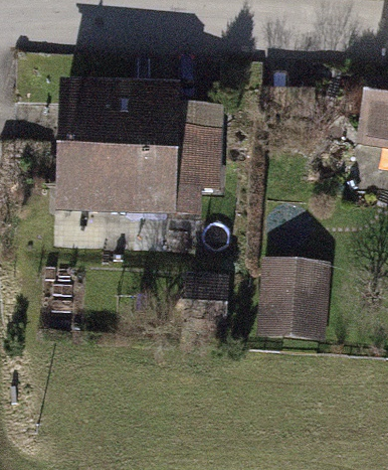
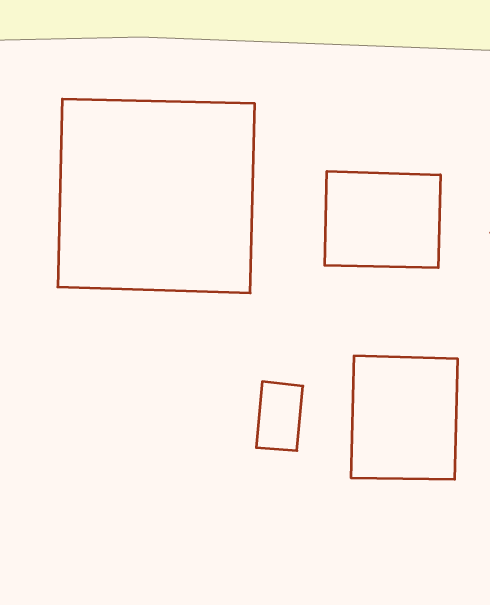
building: none -> [325,171,440,268]

